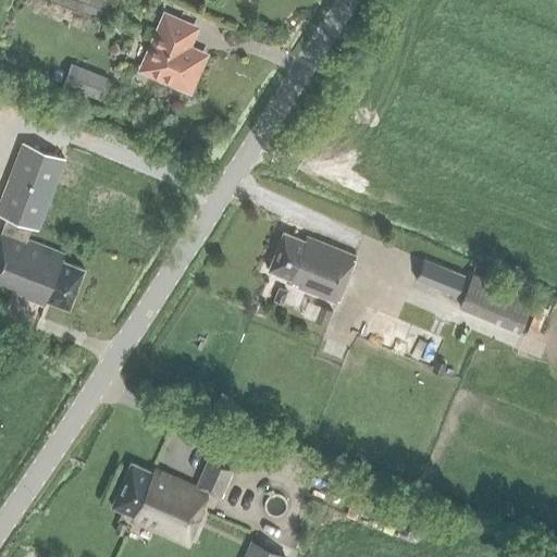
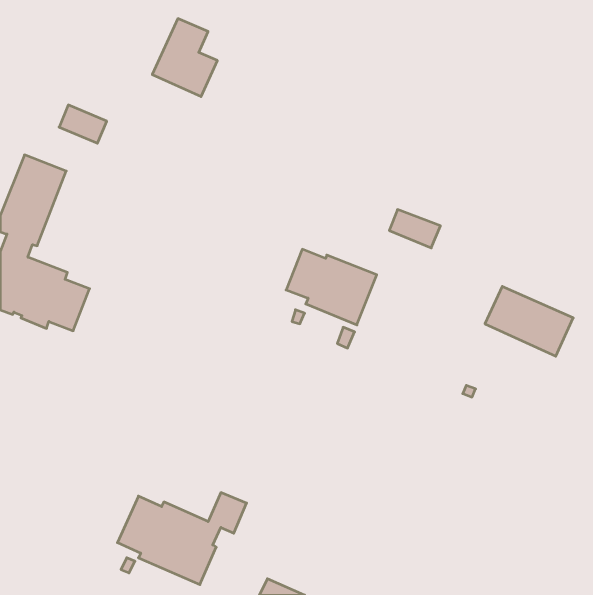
building: [63,63,108,99] -> [59,105,107,143]
building: [417,261,465,297] -> [389,210,440,248]

